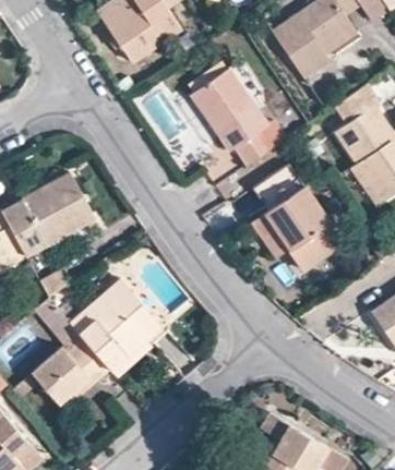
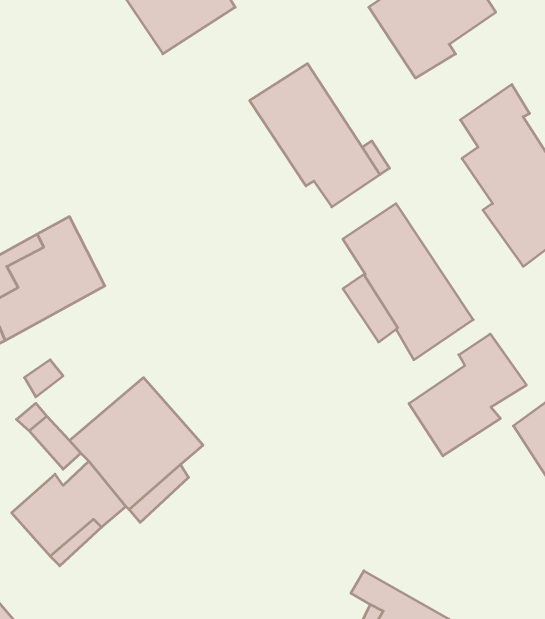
building: none -> [409,334,526,456]

